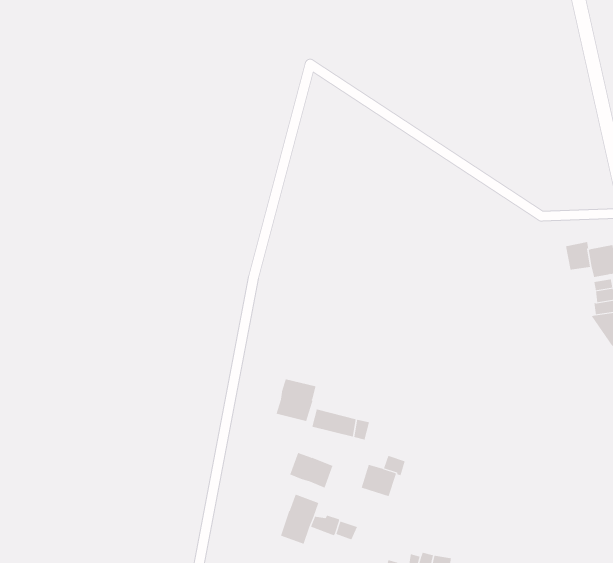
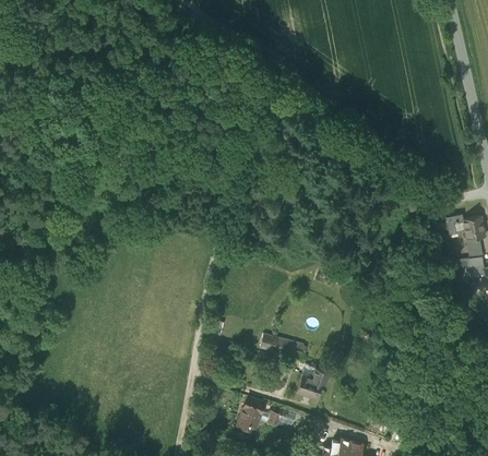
building: [276,378,316,422] -> none
building: [290,452,333,488] -> none

